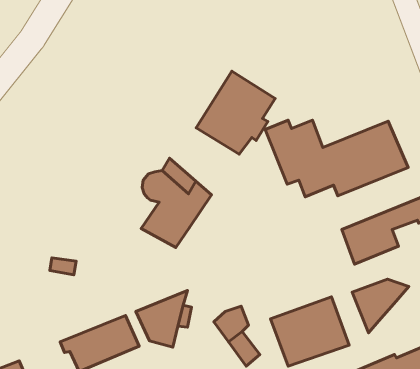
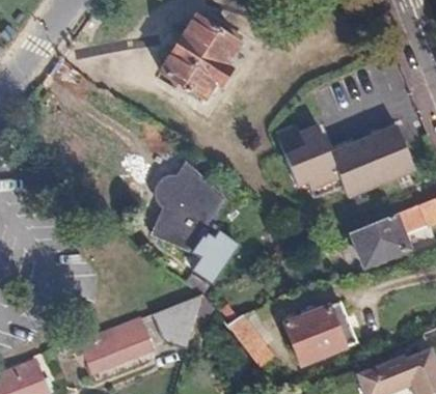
building: [196,71,275,154] -> [161,17,239,98]
building: none -> [189,230,233,281]
building: [352,279,409,333] -> none

